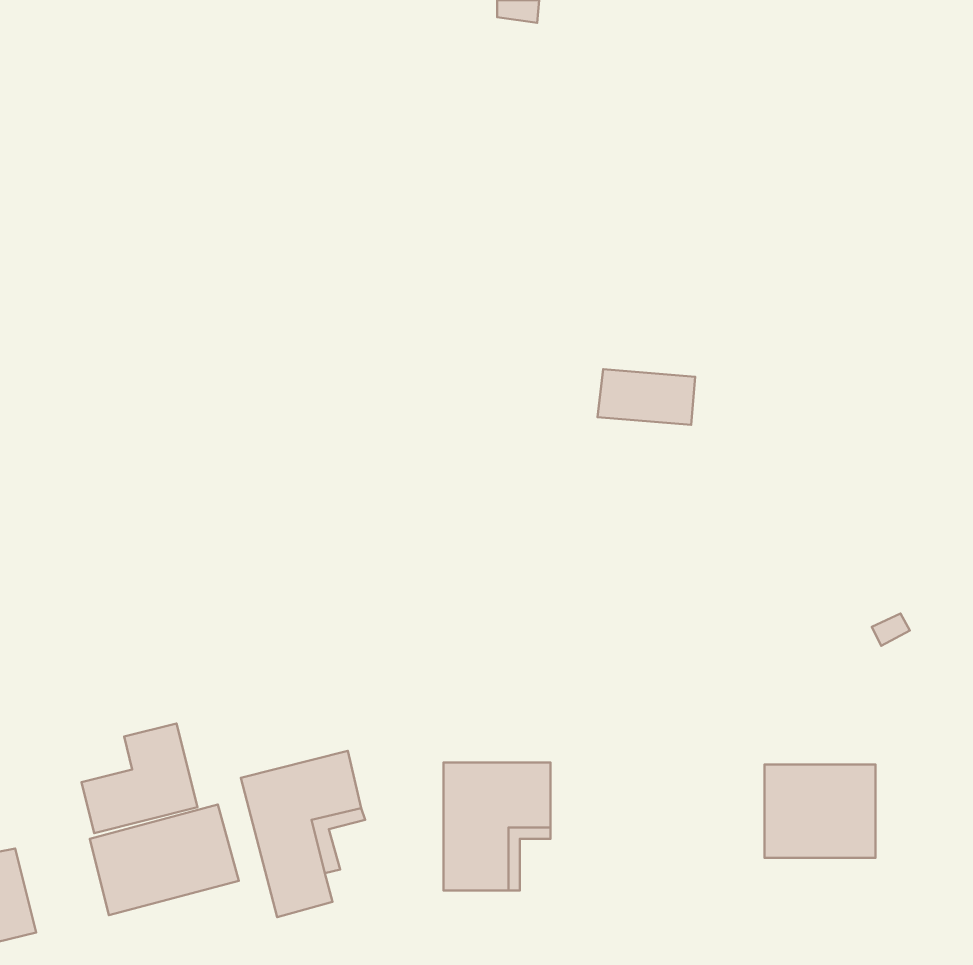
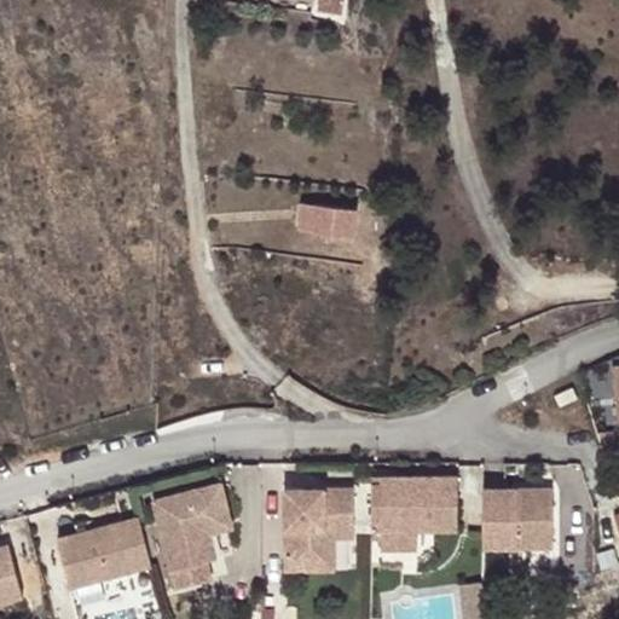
building: [598,369,695,425] -> [295,207,357,242]
building: [81,724,197,833] -> none
building: none -> [372,479,456,533]

